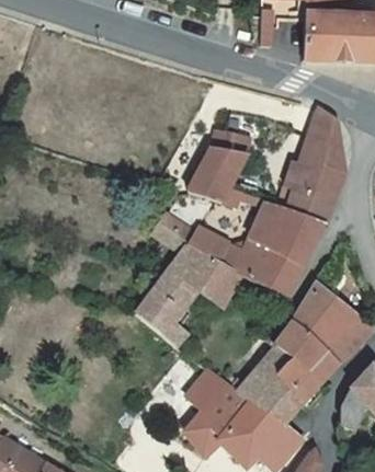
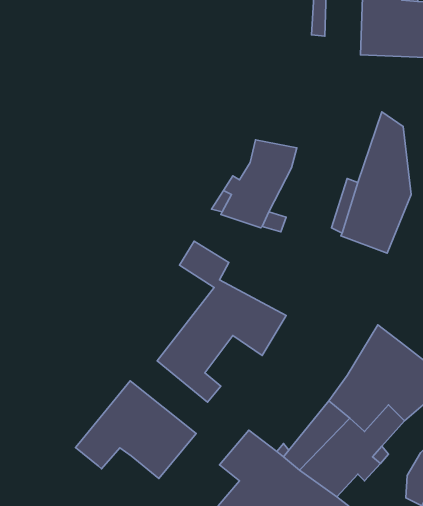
building: [186,202,325,296] -> none
building: none -> [76,381,196,479]

